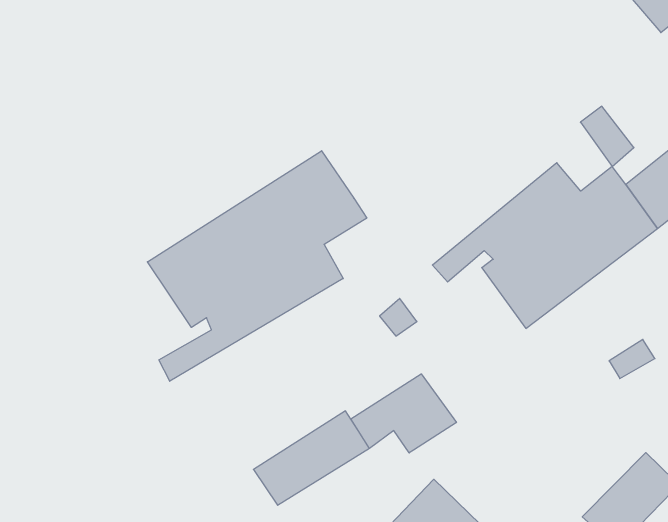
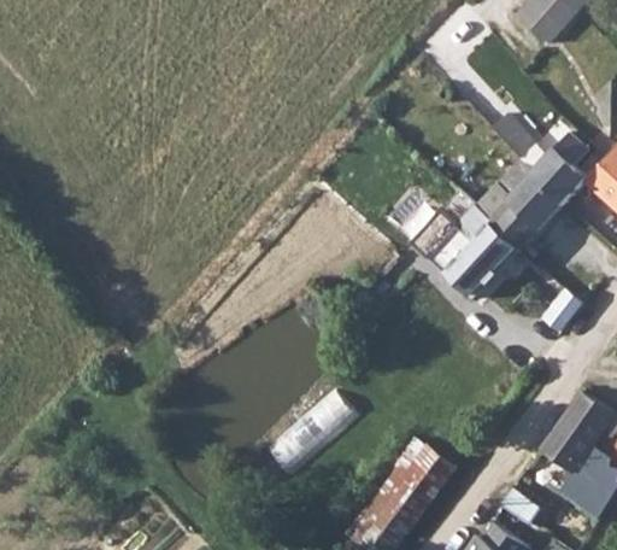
building: [147,151,367,381] -> none
building: [351,374,456,453] -> none

